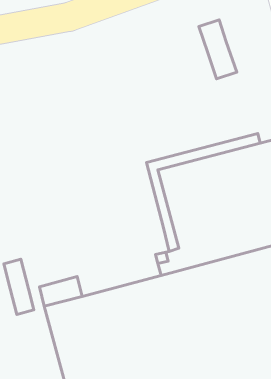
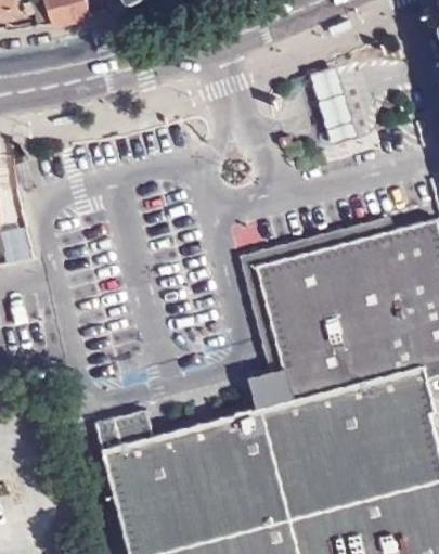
building: [4,259,34,314] -> none

